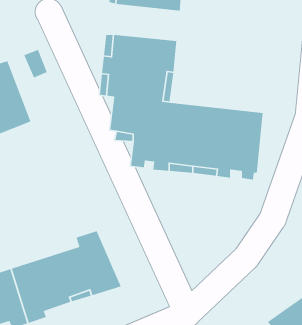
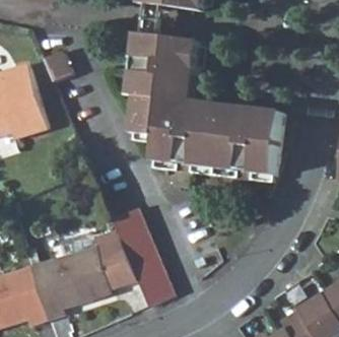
building: none -> [110,205,172,304]

